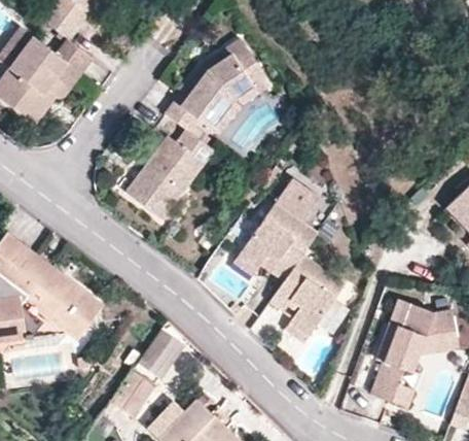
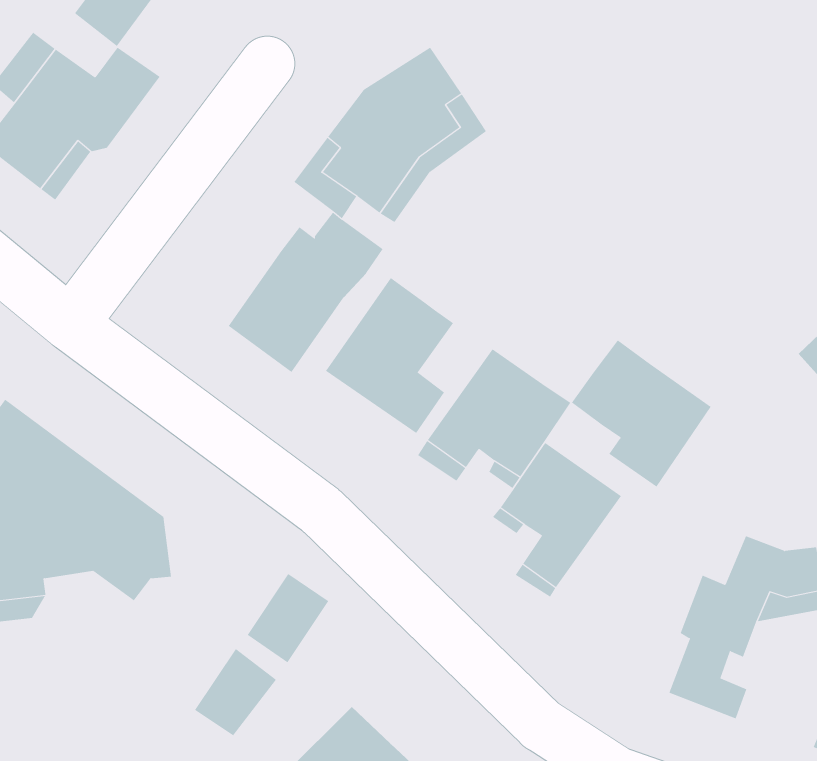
building: none -> [325,277,454,434]
building: [275,177,320,223] -> none
building: none -> [571,339,712,487]

